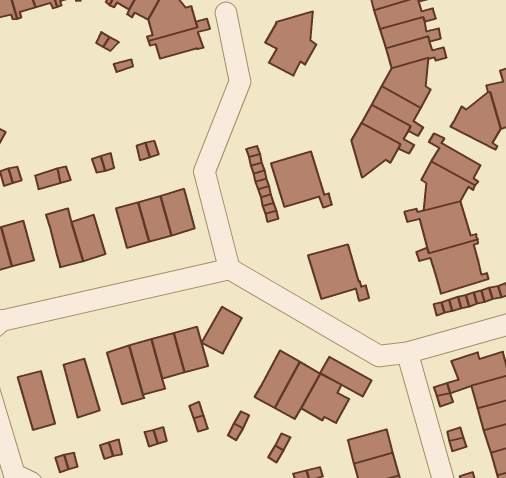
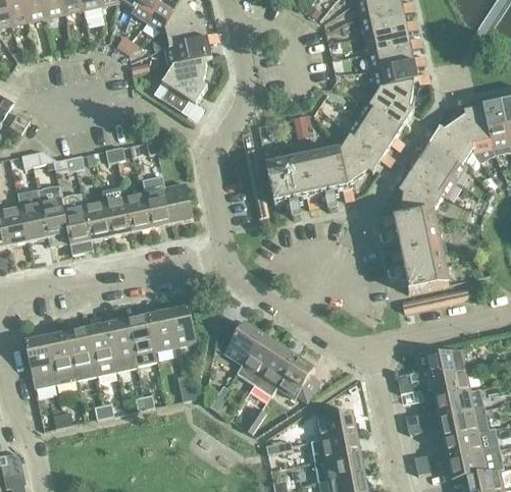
building: [265,12,316,76] -> [161,57,207,113]
building: none -> [418,133,467,180]
building: none -> [101,185,131,235]
building: none -> [38,185,69,244]
building: [308,245,369,301] -> [302,150,354,201]
building: [202,307,242,354] -> [223,322,261,364]
building: none -> [86,324,116,375]
building: [320,357,372,397] -> none
building: none -> [46,332,75,384]

